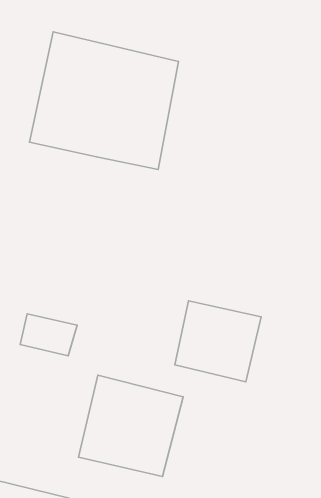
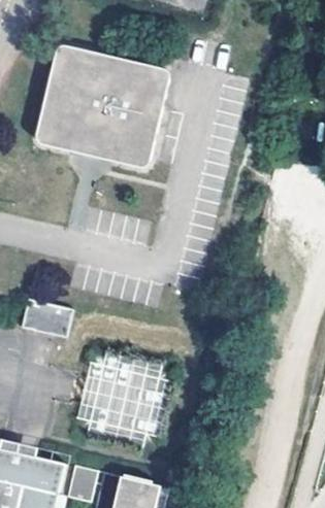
building: [175,301,261,382] -> none

